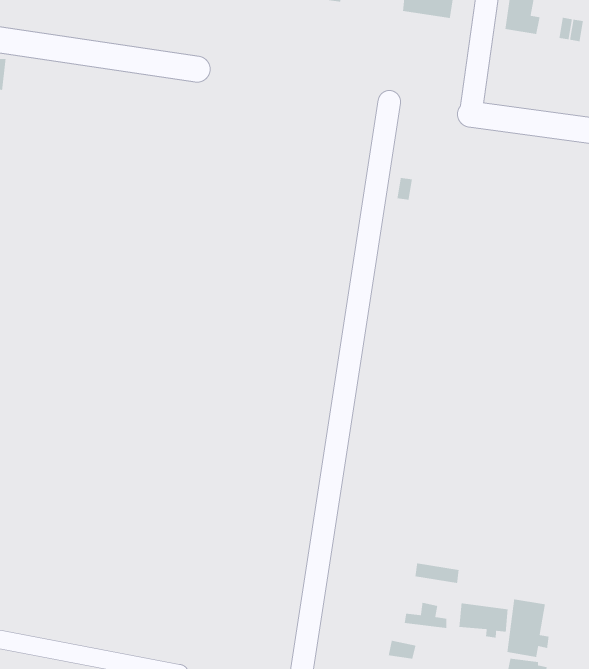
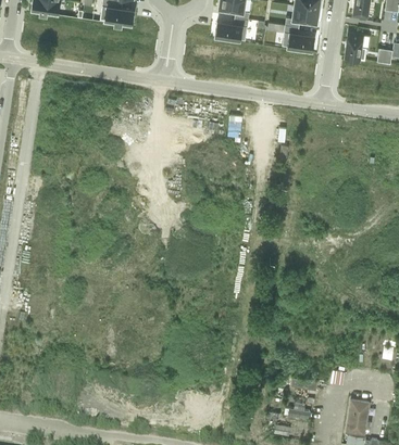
building: [459,602,508,638] -> none

